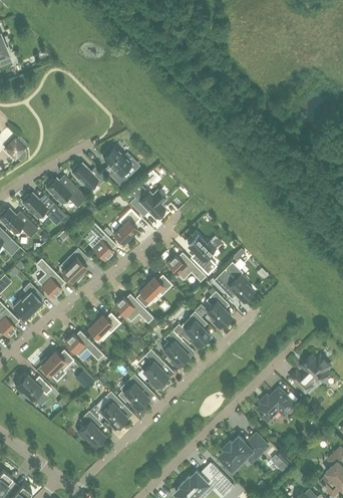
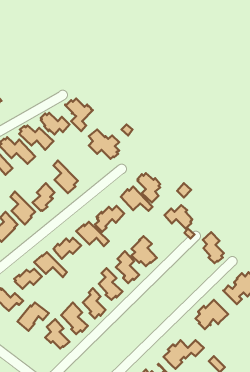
building: [113,209,140,244] -> none
building: [206,291,231,328] -> [203,232,224,263]
building: none -> [17,302,49,331]

